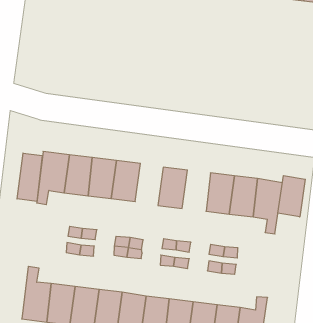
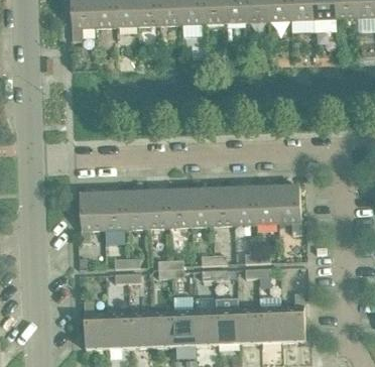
building: [17,153,42,201] -> none
building: none -> [169,191,192,226]
building: none -> [213,189,236,225]
building: [278,176,305,217] -> none

